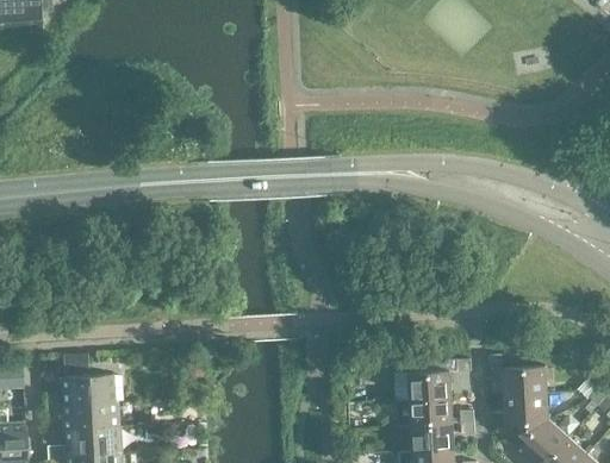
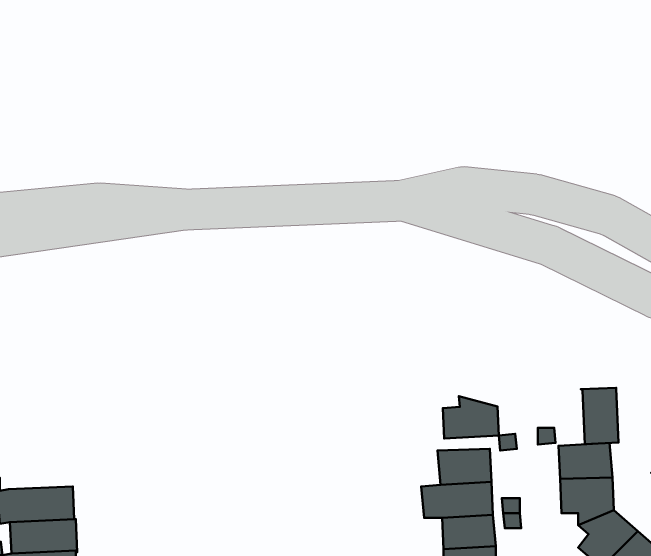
building: none -> [581,388,619,444]
building: none -> [443,396,499,439]
building: [63,375,116,403] -> none

